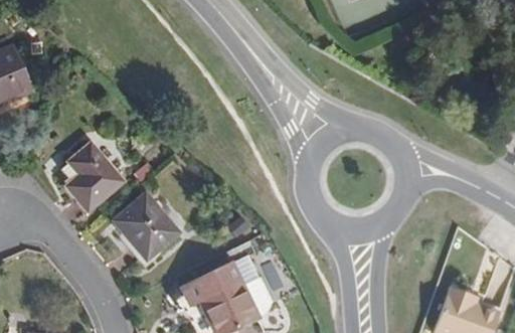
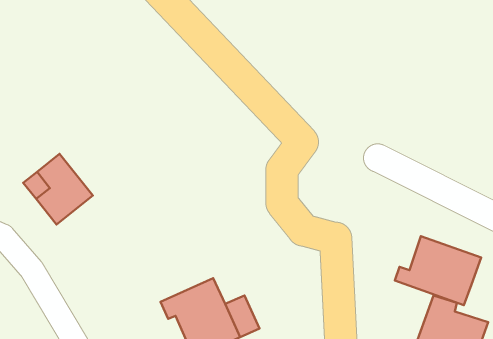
building: [117,196,181,263] -> none
building: none -> [395,236,481,305]

